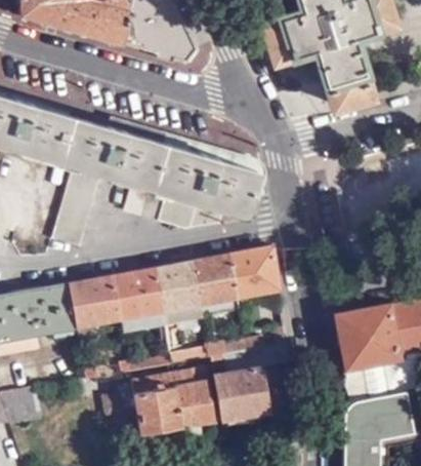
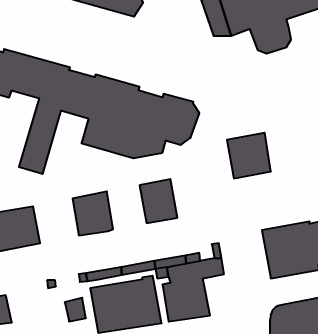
building: [226,245,278,299] -> [227,133,271,178]
building: [153,261,199,312] -> none
building: [67,276,120,328] -> none

